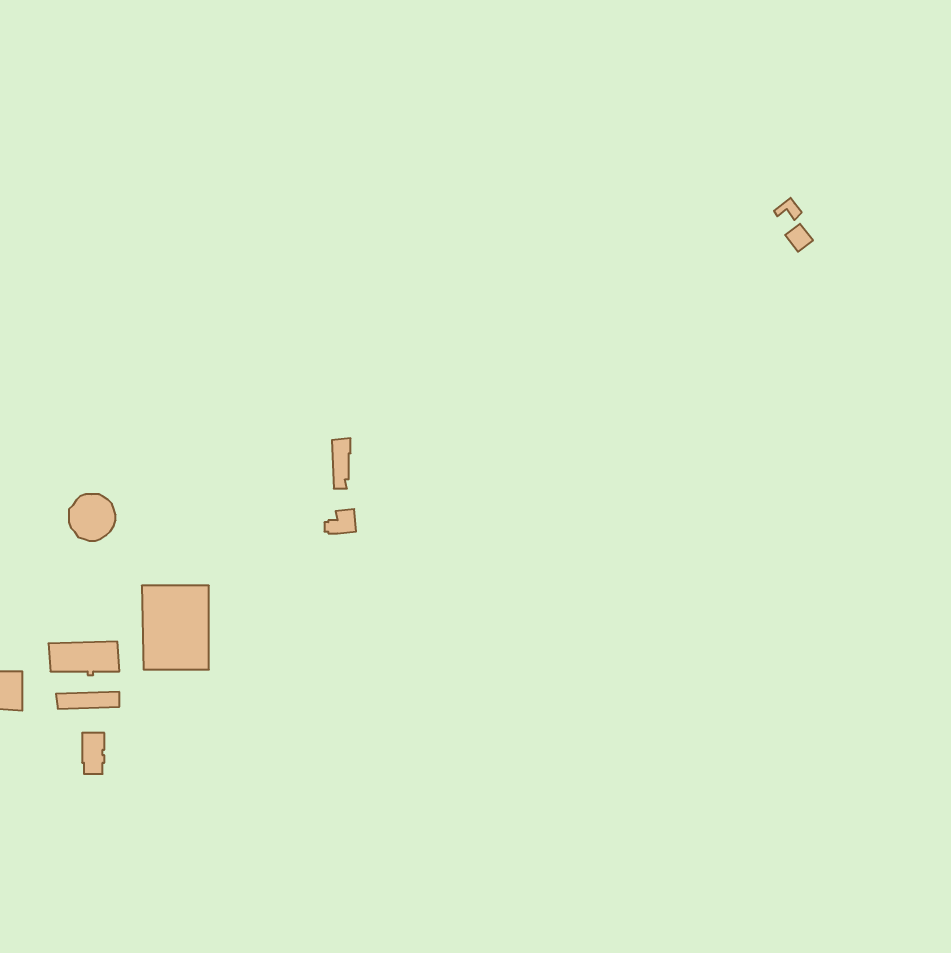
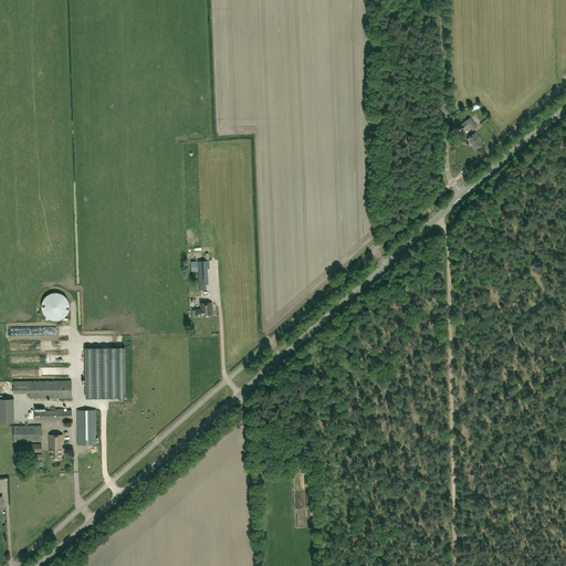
building: none -> [76,409,95,444]
building: none -> [12,426,41,441]

